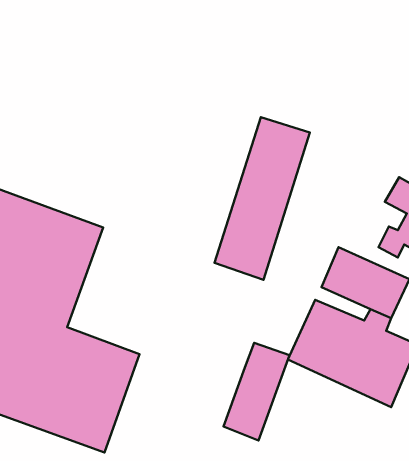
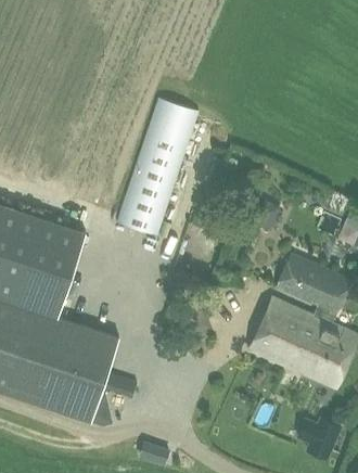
building: [214,117,310,280] -> [115,99,195,235]
building: [223,343,289,441] -> none

